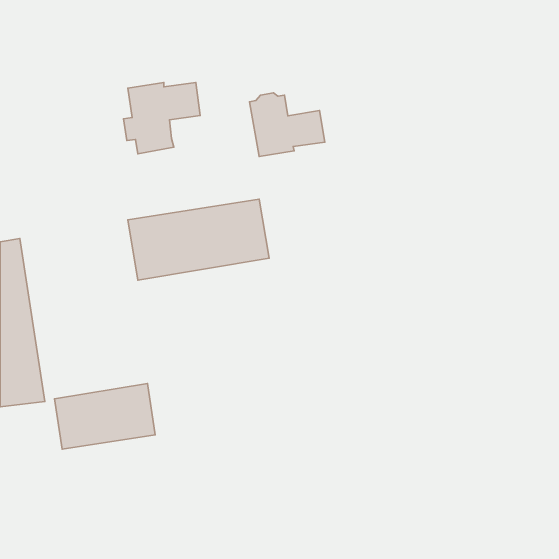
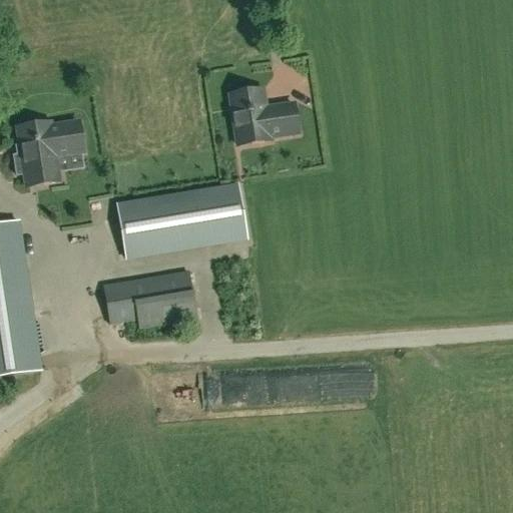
building: [123,83,200,154] -> [13,123,83,188]
building: [55,383,155,449] -> [103,270,195,330]

